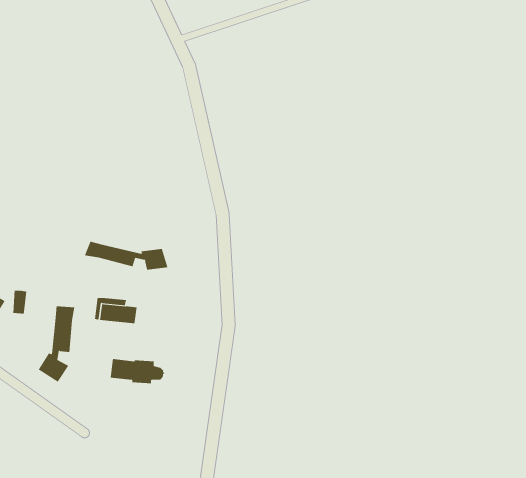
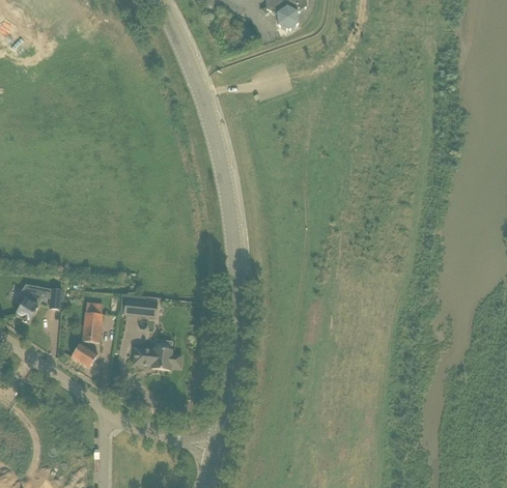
building: [84,241,168,270] -> none

